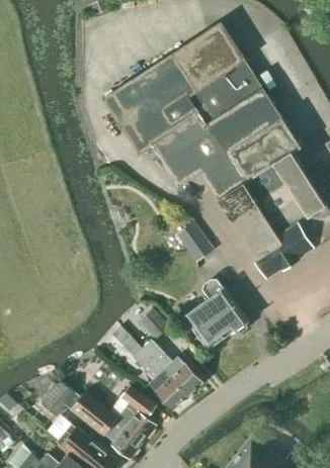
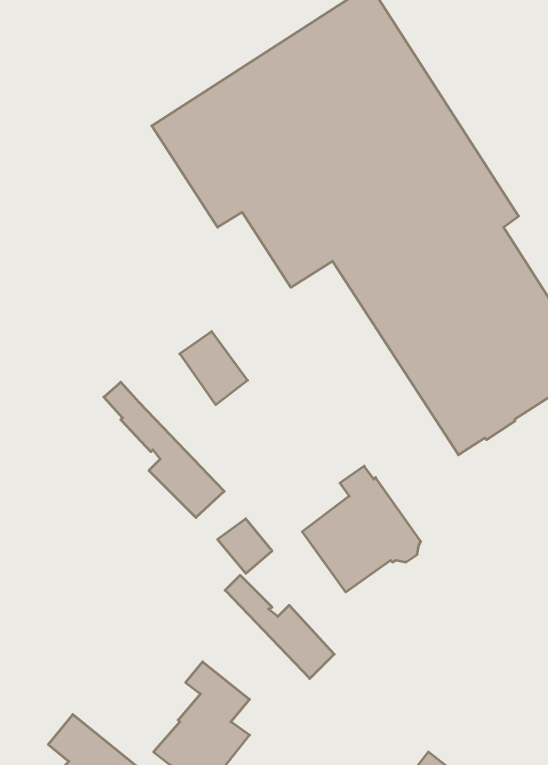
building: [176,222,213,262] -> [180,331,248,405]
building: [122,337,187,409] -> [104,382,224,518]
building: [40,380,117,436] -> none

